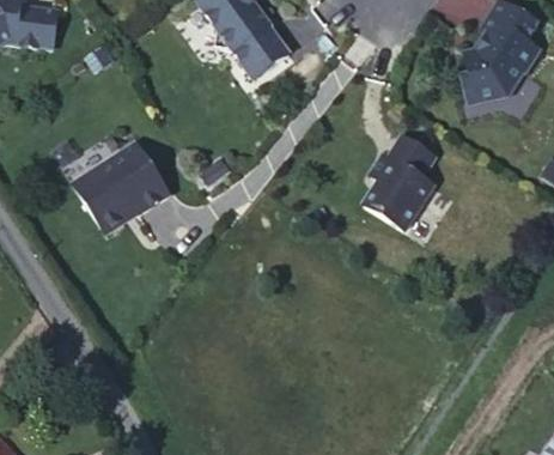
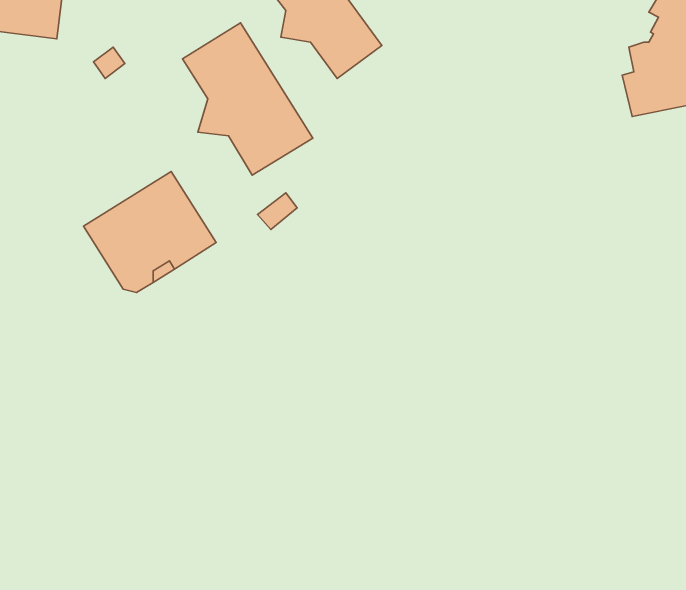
building: none -> [183,23,313,175]
building: [365,135,436,230] -> none

